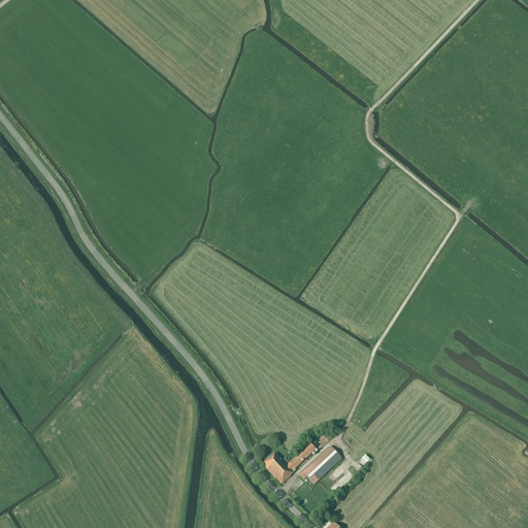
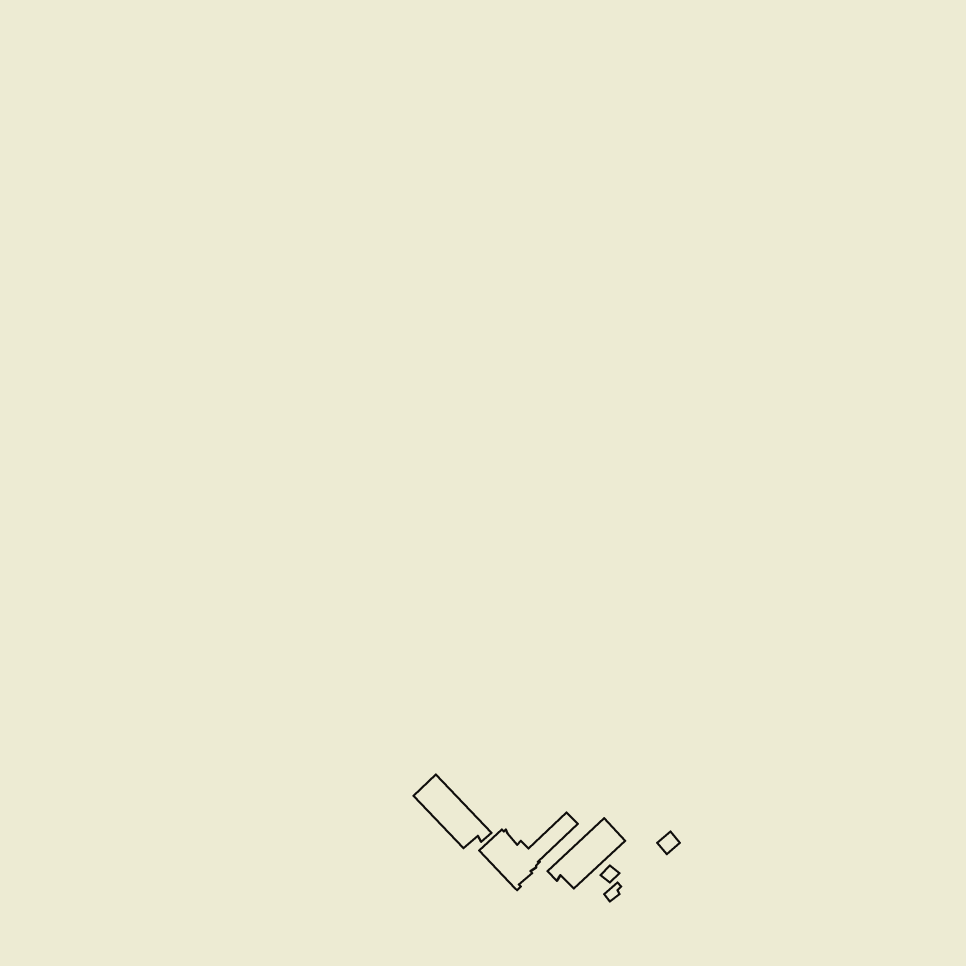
building: none -> [414,774,491,848]

